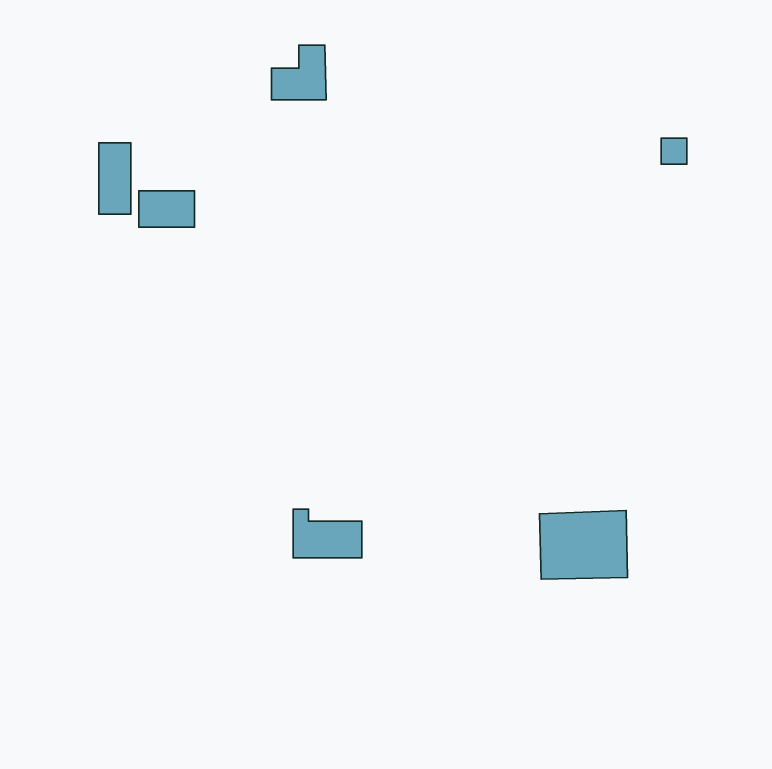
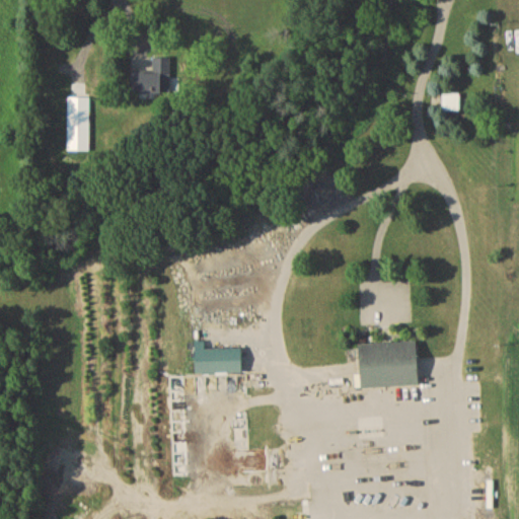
building: [272,45,326,100] -> [134,57,170,93]
building: [139,191,195,227] -> none

